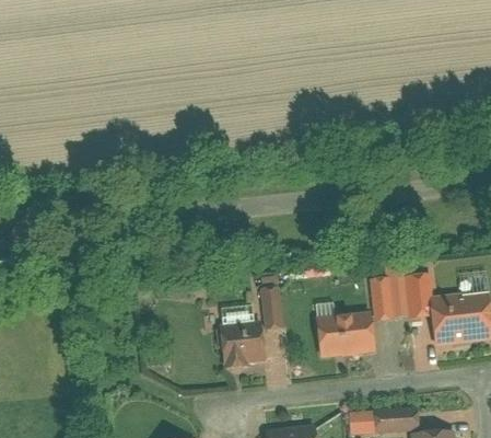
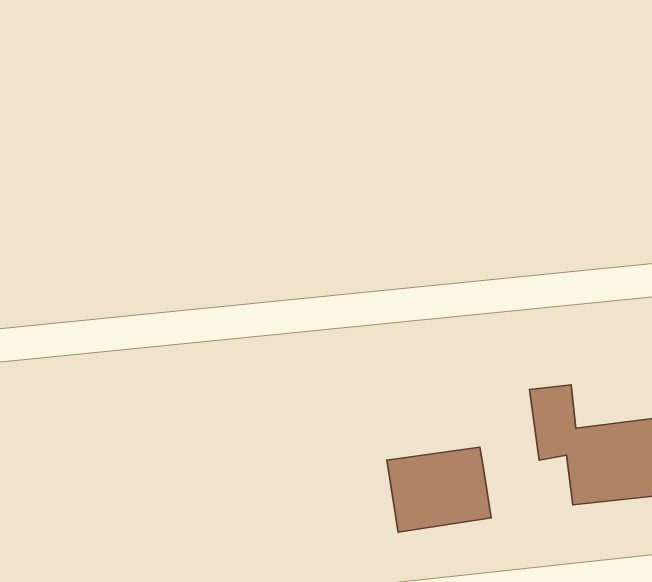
building: [366,257,410,320] -> none
building: [219,288,279,368] -> none

